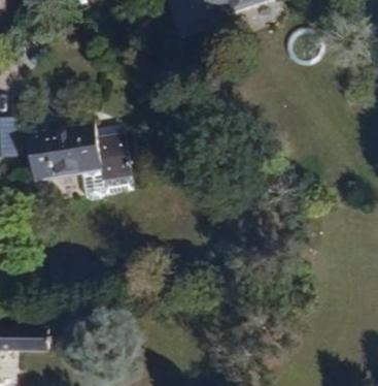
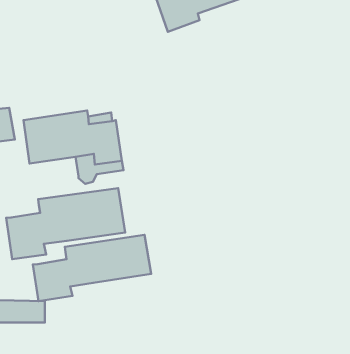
building: none -> [6,188,125,259]
building: none -> [33,235,151,301]

